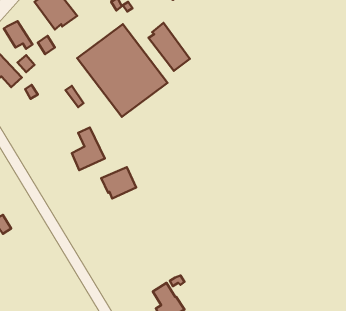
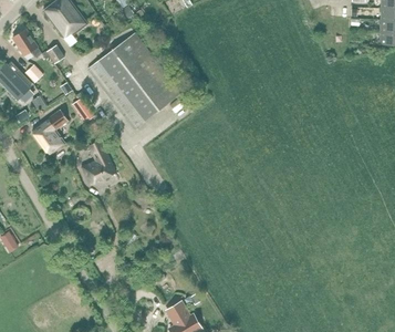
building: [148,23,190,71] -> none
building: none -> [32,108,67,154]
building: [101,167,136,199] -> none

